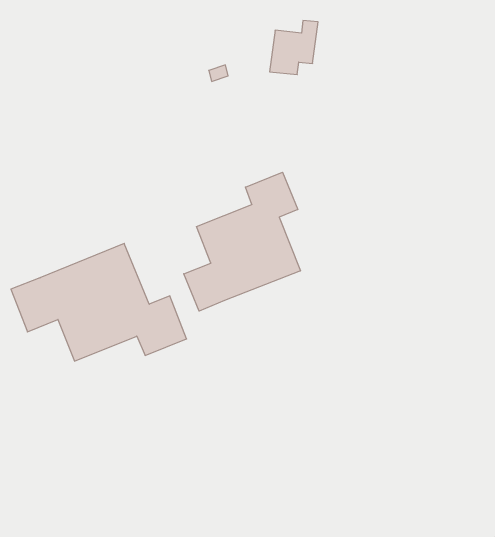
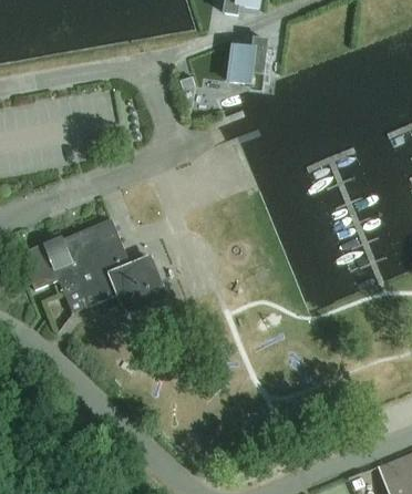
building: [184,172,300,311] -> none

